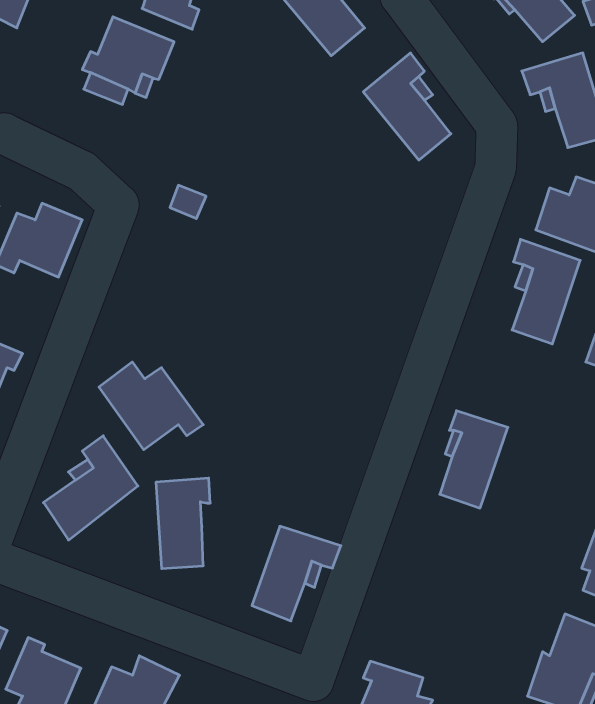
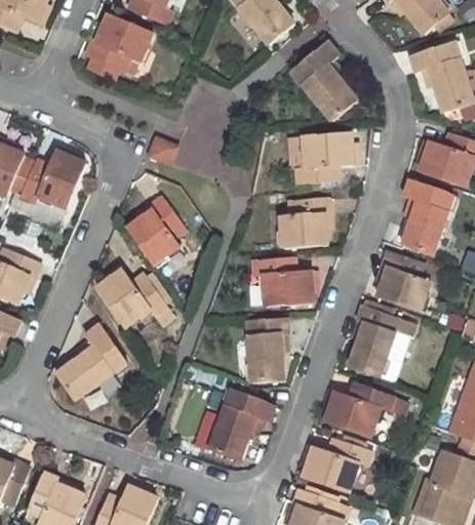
building: none -> [296,131,352,181]
building: none -> [128,196,185,264]
building: none -> [282,197,329,246]
building: none -> [379,251,429,310]
building: none -> [252,257,314,304]
building: [156,478,210,569] -> [247,316,287,382]
building: none -> [325,382,393,436]
building: none -> [305,438,373,492]

